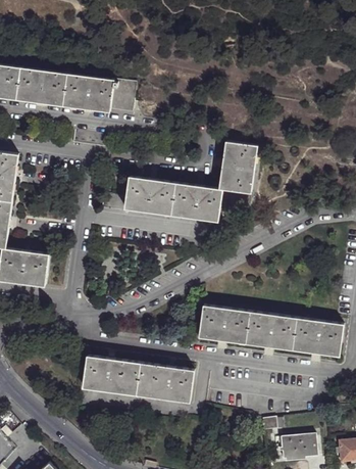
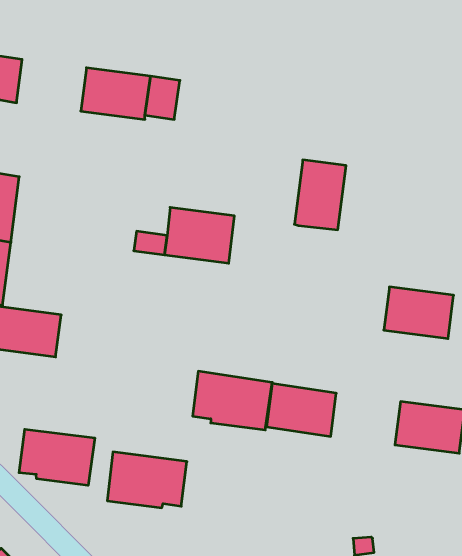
building: [16,67,67,105] -> none
building: [171,182,222,223] -> none
building: [246,312,297,349] -> [384,287,454,339]
building: none -> [19,429,95,485]
building: [137,362,195,405] -> [193,371,272,430]

